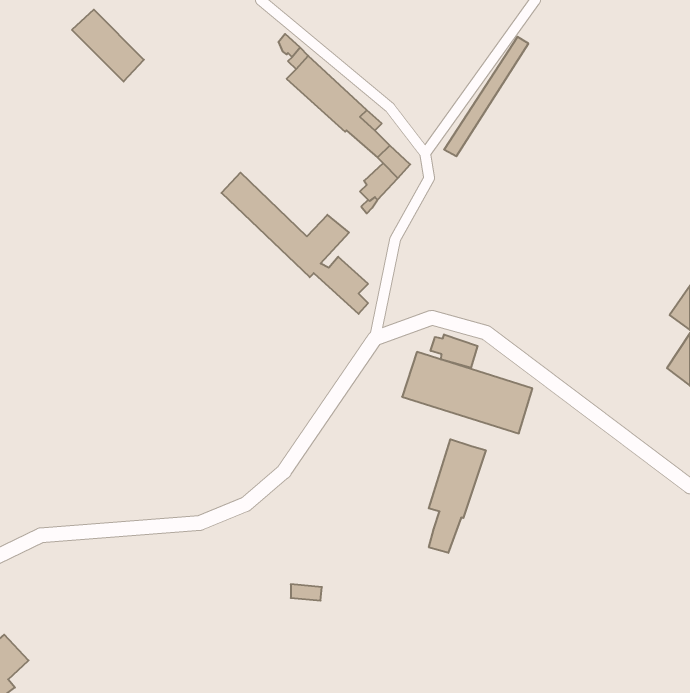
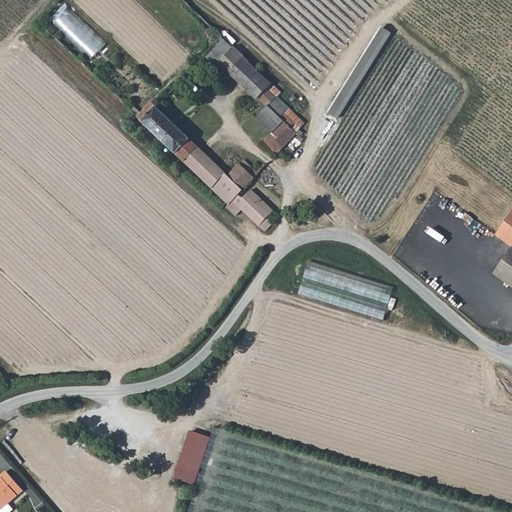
building: none -> [136,102,177,143]
building: [431,334,478,368] -> none
building: [429,439,486,553] -> none
building: none -> [174,431,211,486]

